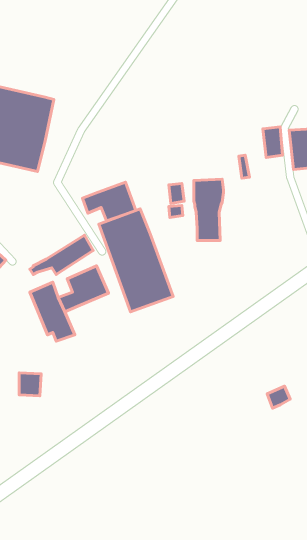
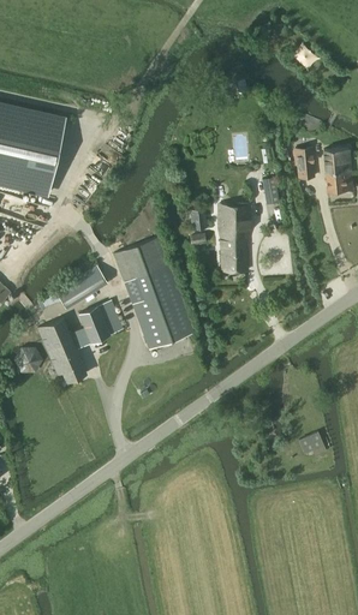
building: [83,182,136,221] -> none
building: [19,373,41,396] -> [14,347,38,372]

